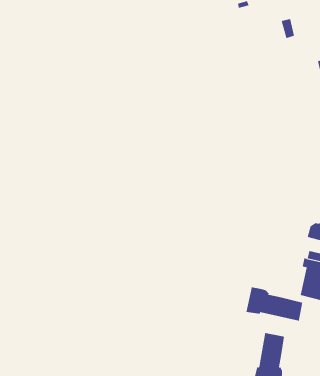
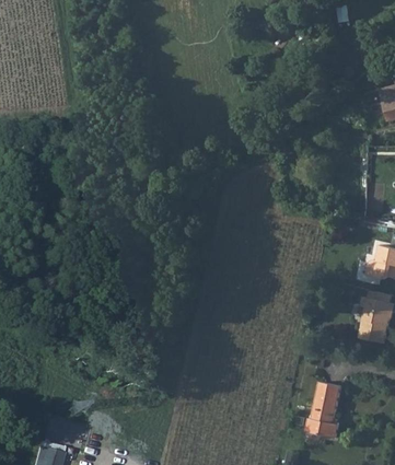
building: [246,286,303,321] -> none

